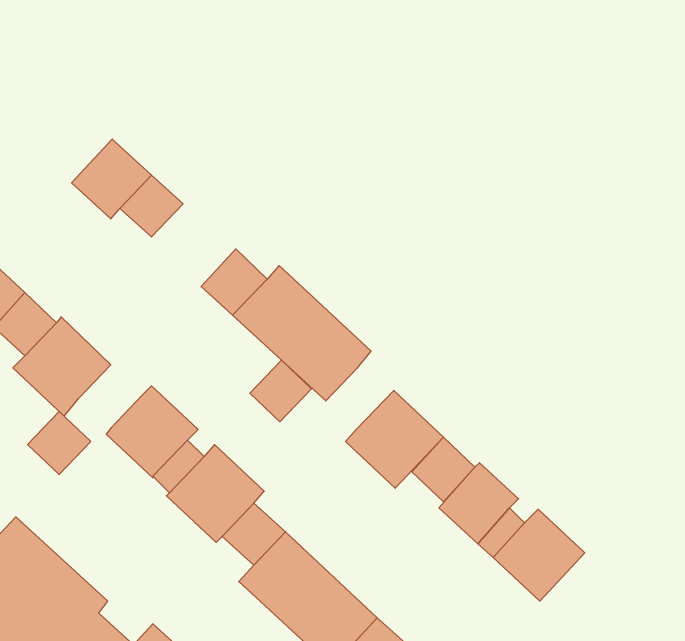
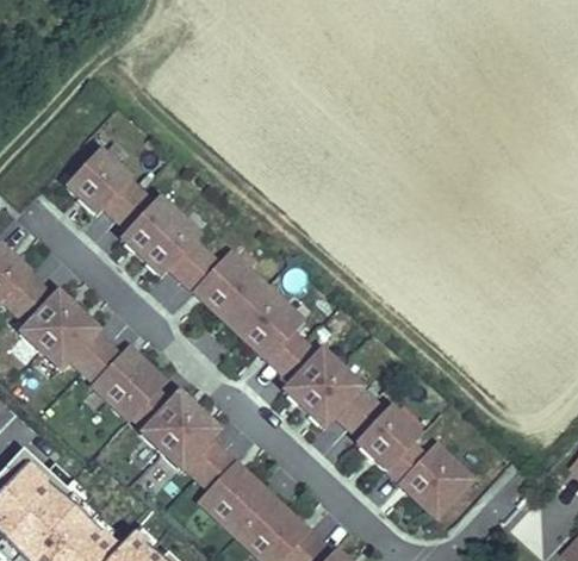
building: none -> [120,197,198,275]
building: [250,360,312,422] -> [267,331,316,380]
building: [28,411,91,475] -> [72,329,122,379]

